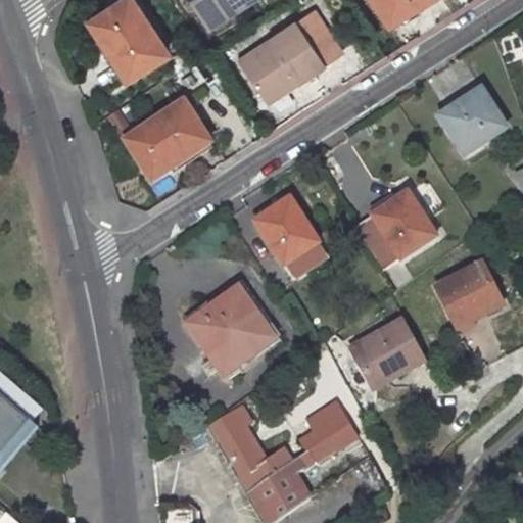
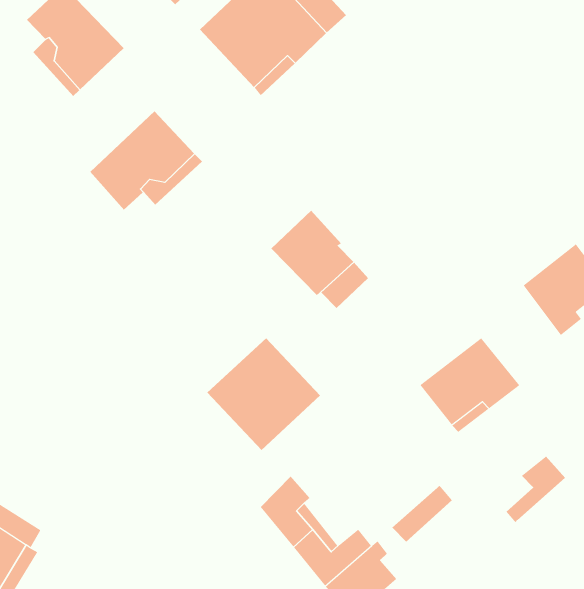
building: [438,92,505,150] -> none
building: [353,190,432,268] -> none
building: [302,405,352,453] -> [506,456,566,524]

